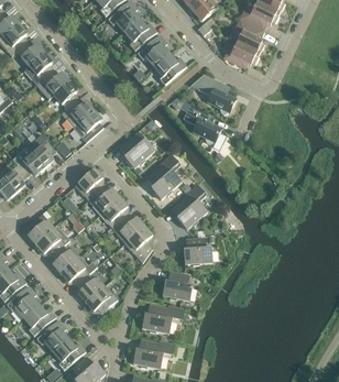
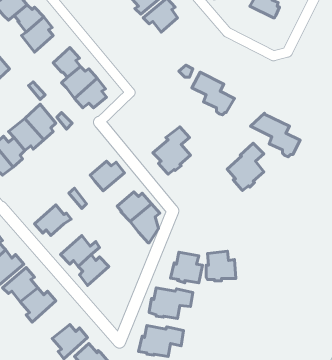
building: [222,42,258,65] -> none
building: [153,53,186,85] -> none
building: [35,69,68,99] -> none
building: [189,73,236,113] -> [250,113,300,157]
building: [119,131,154,167] -> none
building: [74,167,102,199] -> none
building: [172,184,206,228] -> [227,143,264,191]
building: [99,197,128,228] -> none
building: [26,212,55,244] -> none
building: [184,237,211,264] -> [206,251,236,281]
building: [51,244,79,273] -> none
building: [85,284,117,313] -> none
building: [35,319,68,351] -> none

